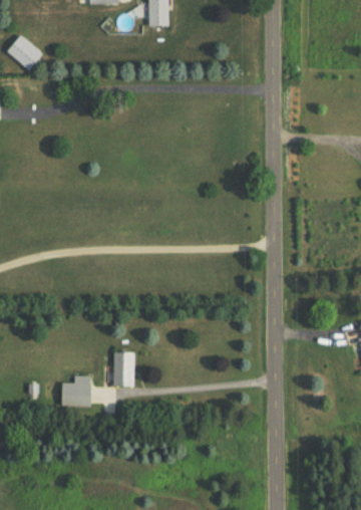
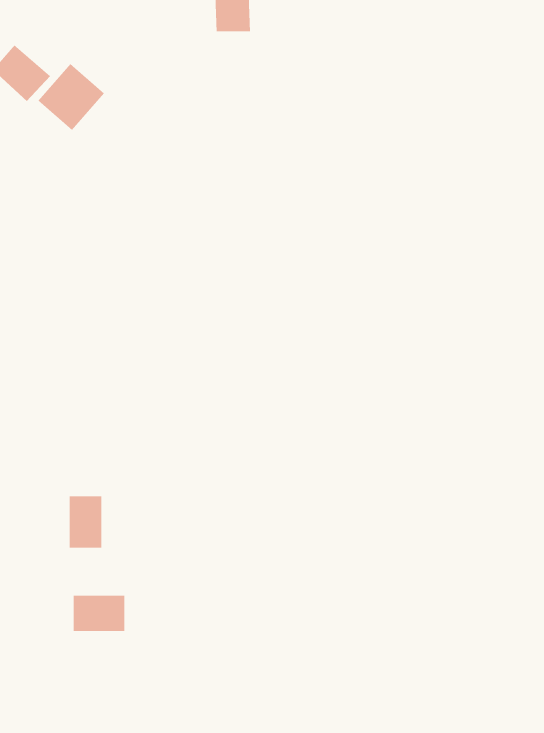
building: none -> [37,63,105,131]
building: [113,351,134,385] -> [69,496,102,548]

